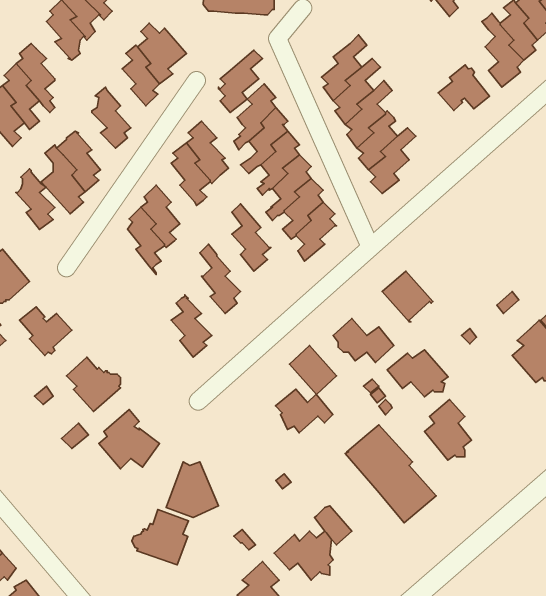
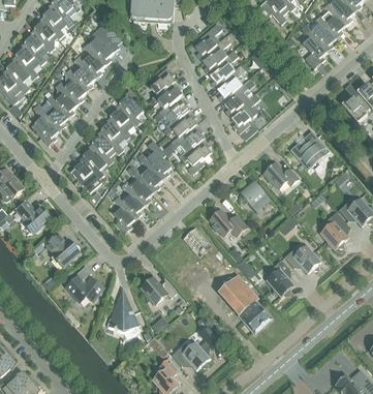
building: none -> [25,28,49,65]
building: [218,50,262,113] -> [195,24,222,62]
building: [438,65,489,110] -> none
building: none -> [71,55,95,93]
building: none -> [101,115,125,155]
building: [16,169,55,230] -> [53,82,76,119]
building: none -> [290,130,330,170]
building: none -> [137,152,161,193]
building: none -> [70,155,101,192]
building: none -> [262,161,299,189]
building: none -> [120,181,144,220]
building: [387,350,448,397] -> [284,244,321,273]
building: [276,389,333,433] -> [141,277,176,304]
building: [132,509,188,565] -> none

